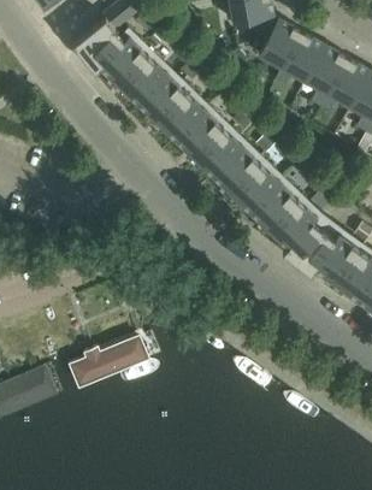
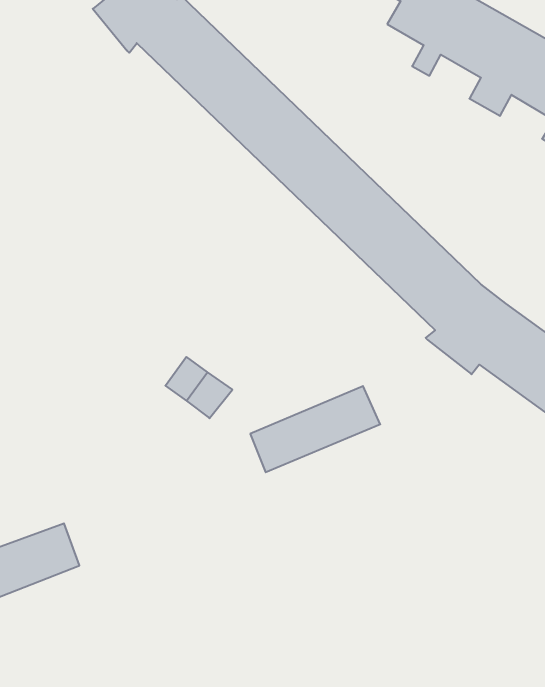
building: [70,331,152,385] -> [250,386,380,472]

